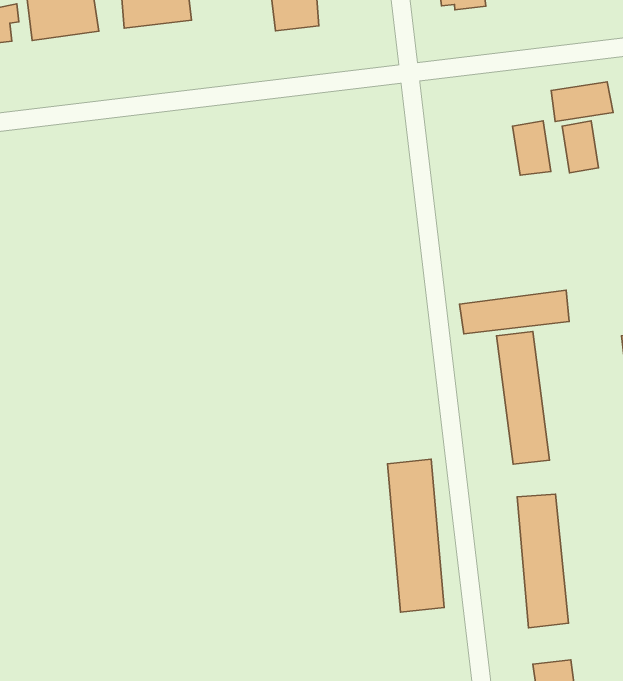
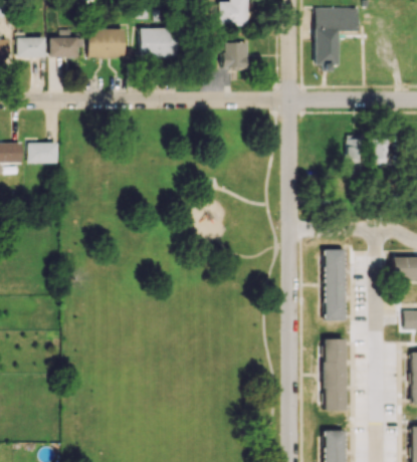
building: [551,82,613,122] -> none
building: [459,290,569,334] -> none
building: [387,459,444,612] -> none

